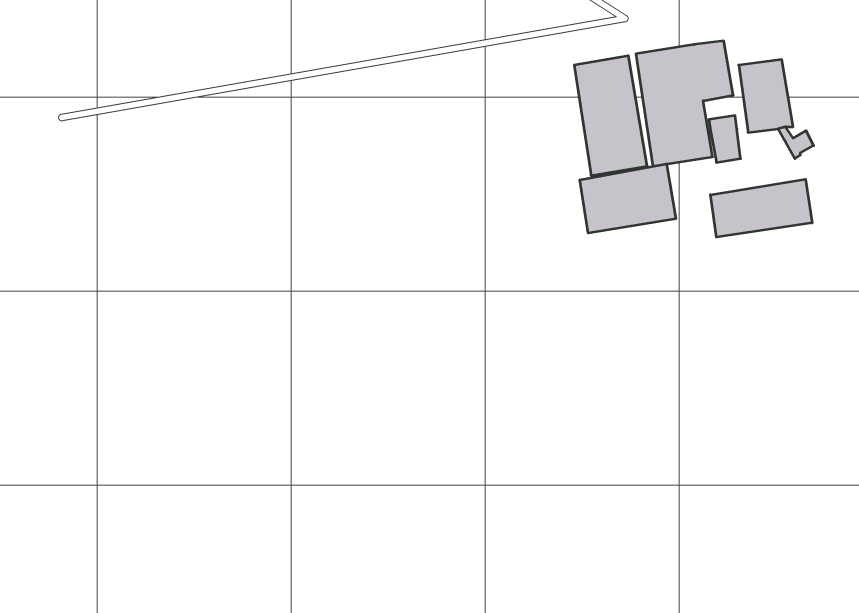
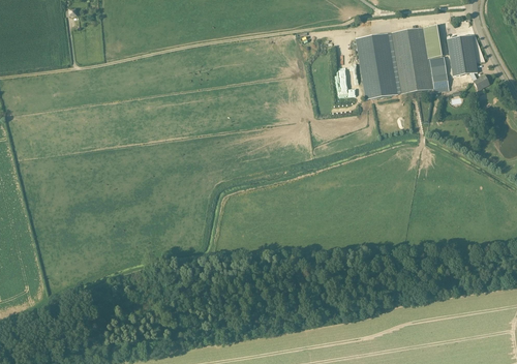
building: [580,164,676,233] -> none
building: [710,179,812,237] -> none

